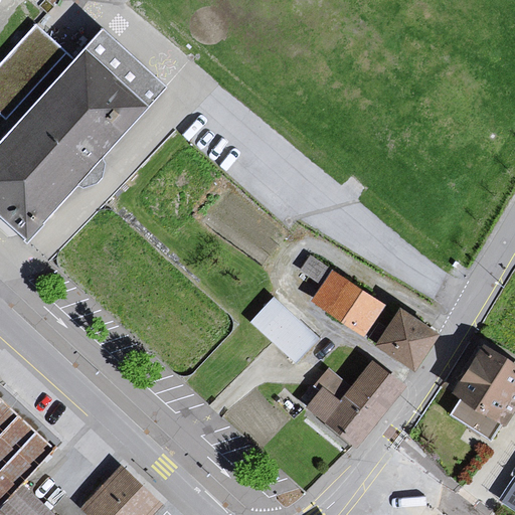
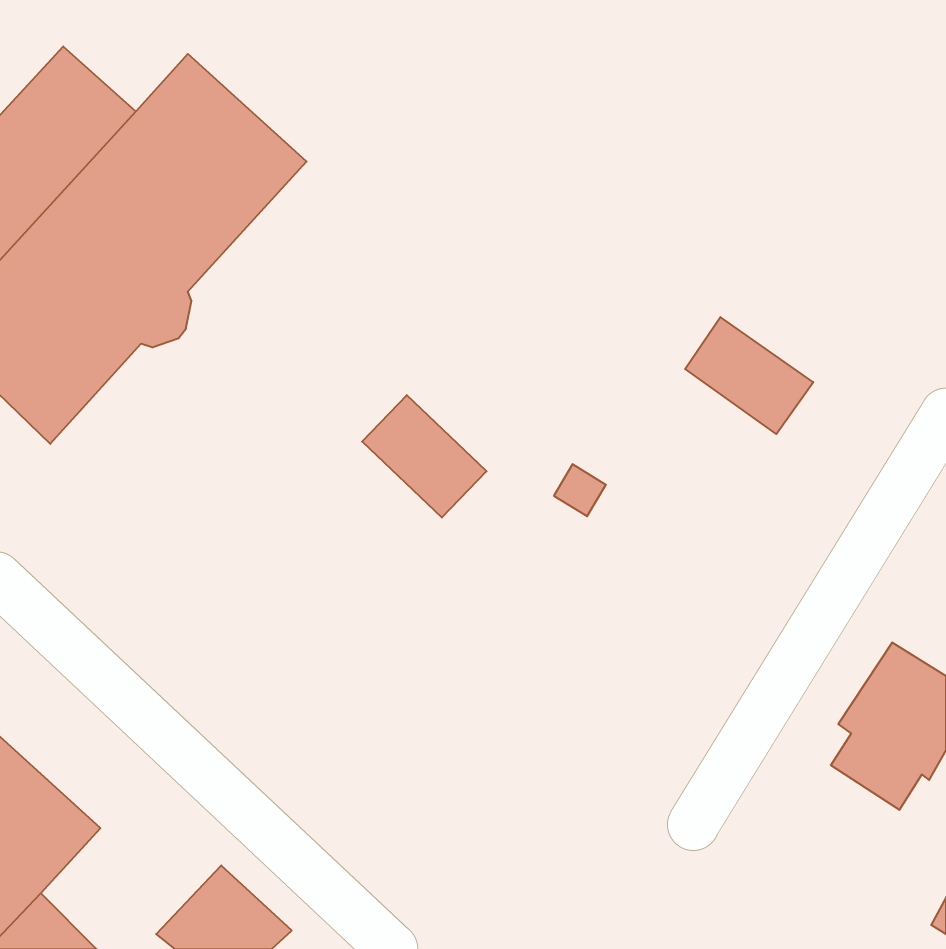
building: [313,271,382,334] -> [685,317,813,434]
building: [249,296,317,362] -> [362,395,487,518]
building: [379,312,435,366] -> none
building: [305,362,400,444] -> none

